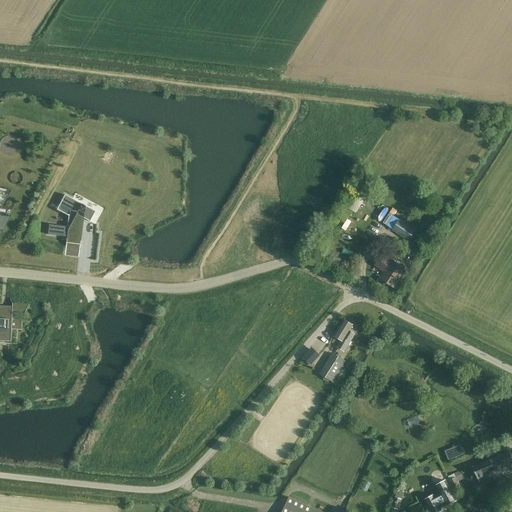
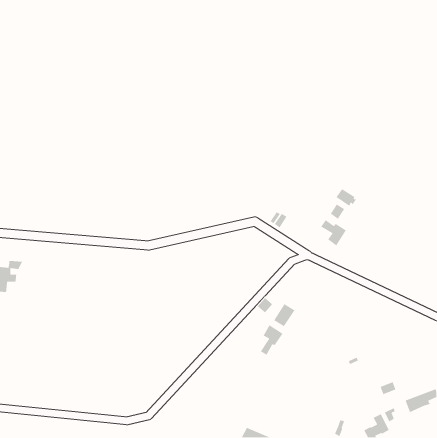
building: [46,194,93,244] -> none
building: [331,318,353,351] -> none
building: none -> [260,324,283,356]

